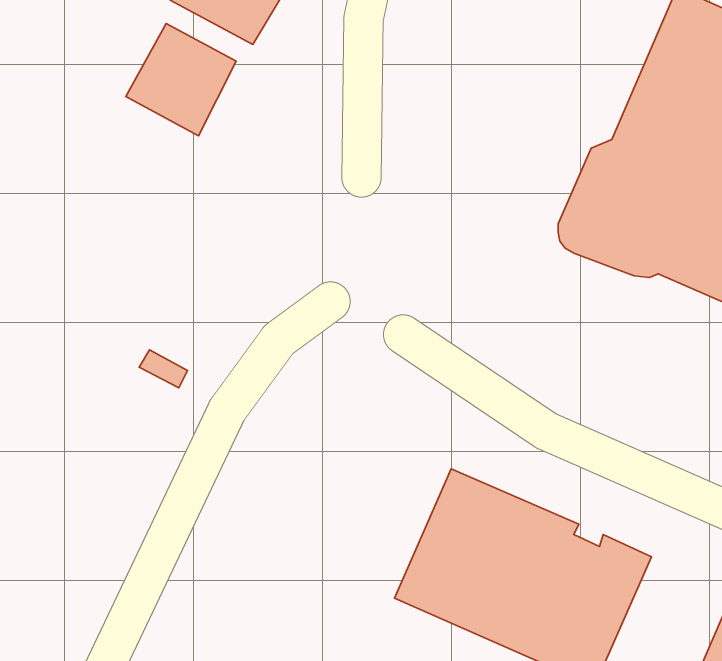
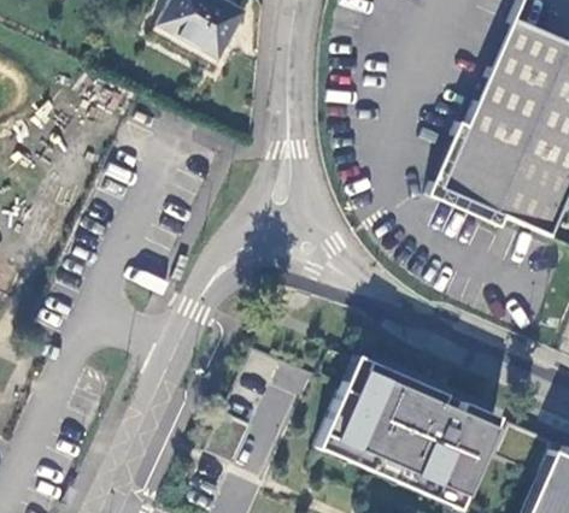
building: [126,23,236,136] -> none

